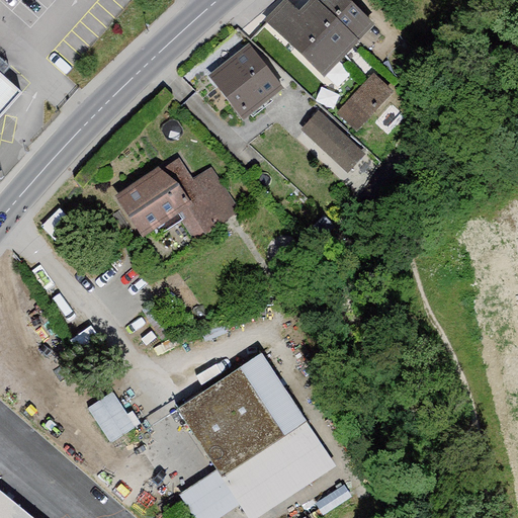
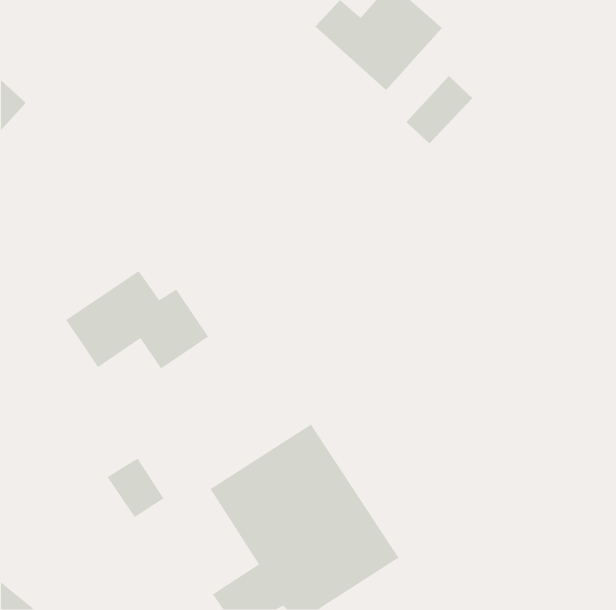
building: [208,47,280,118] -> none
building: [303,112,362,170] -> none
building: [115,154,236,237] -> [65,270,209,370]

